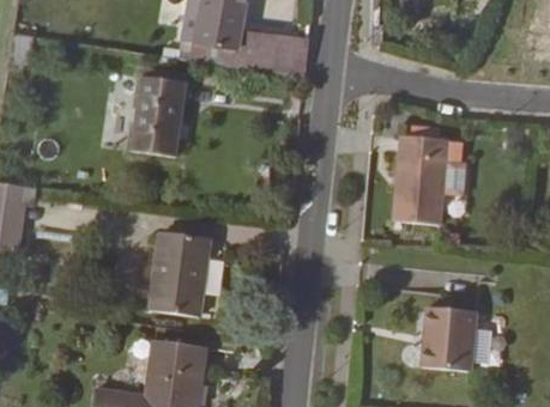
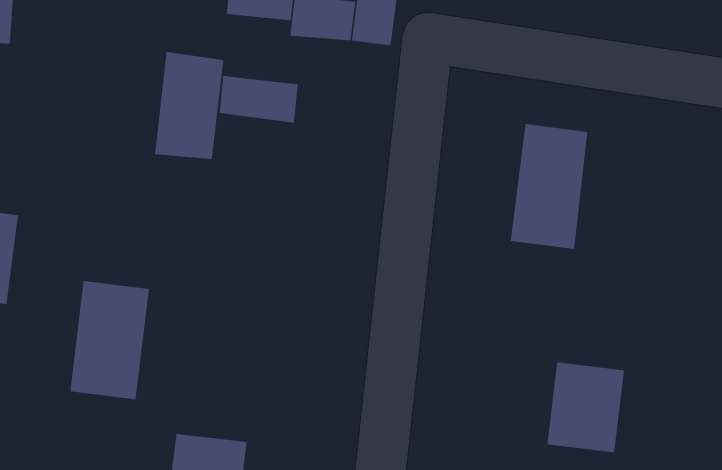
building: none -> [219,75,299,124]
building: [150,233,207,320] -> [70,280,150,400]

